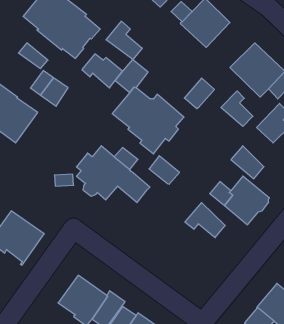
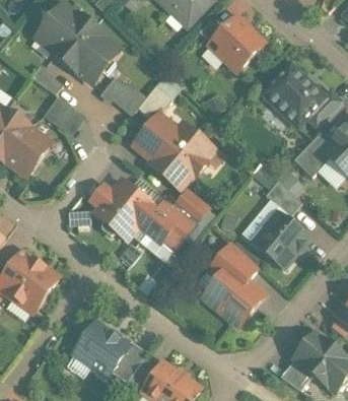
building: [106,21,142,60] -> none
building: [184,78,214,109] -> none
building: [221,91,253,126] -> none
building: none -> [156,199,194,237]
building: none -> [202,266,263,326]

